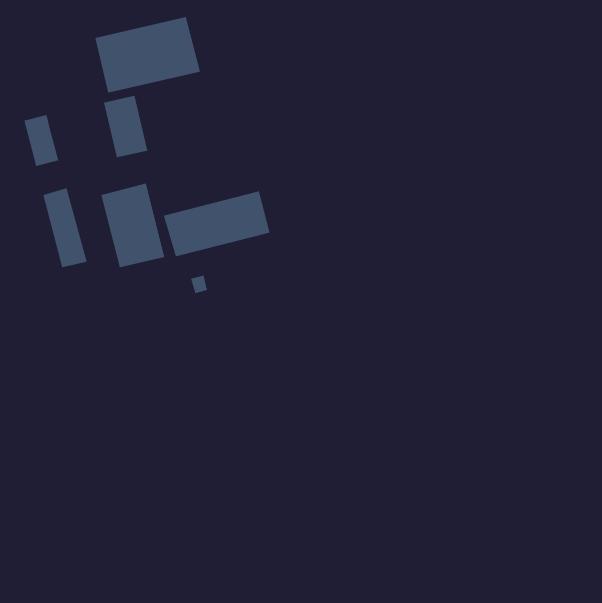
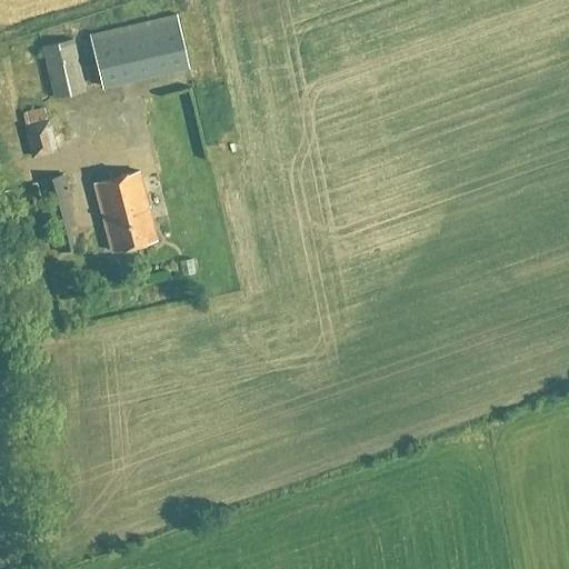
building: [103,95,148,158] -> [43,40,86,99]
building: [163,190,270,257] -> none

